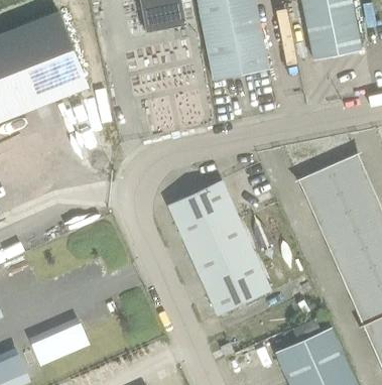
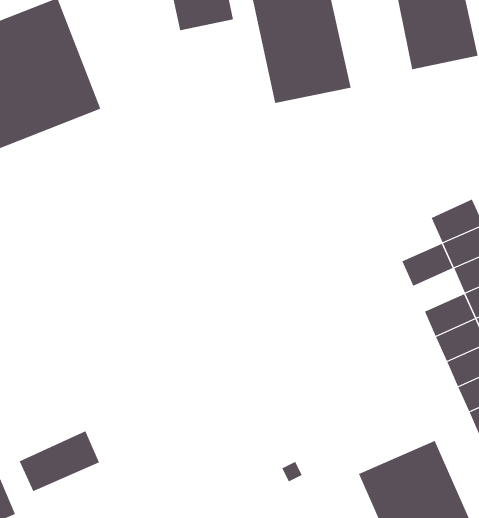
building: [297,167,336,199] -> none
building: [168,180,271,315] -> none
building: [314,204,352,235] -> none

